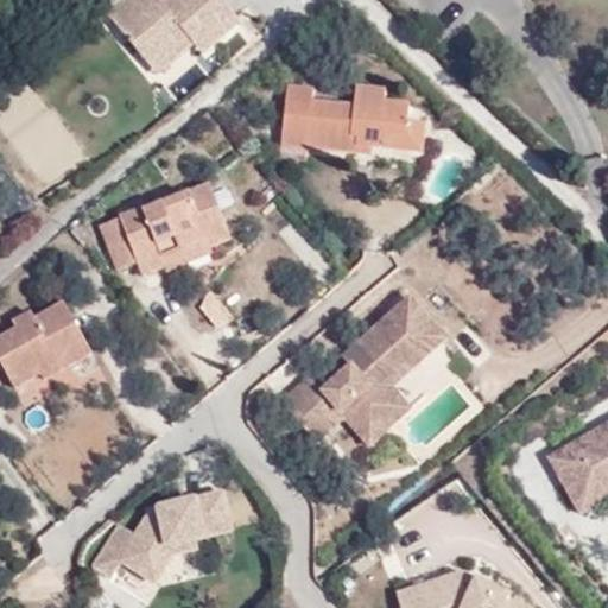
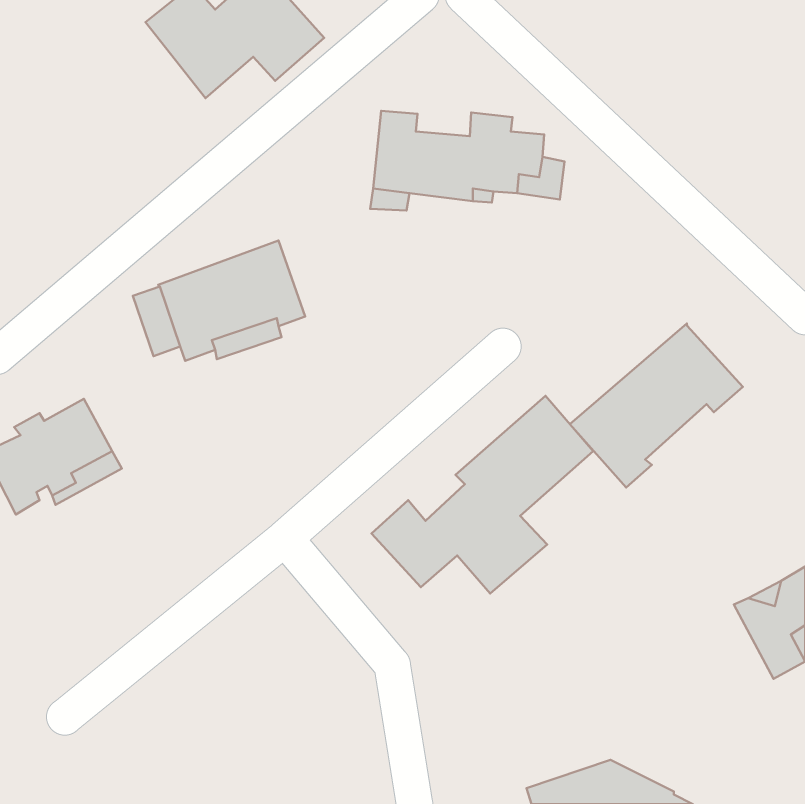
building: none -> [570,323,743,488]
building: [89,487,233,577] -> none

